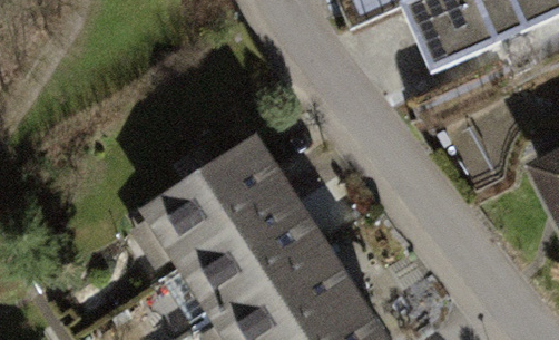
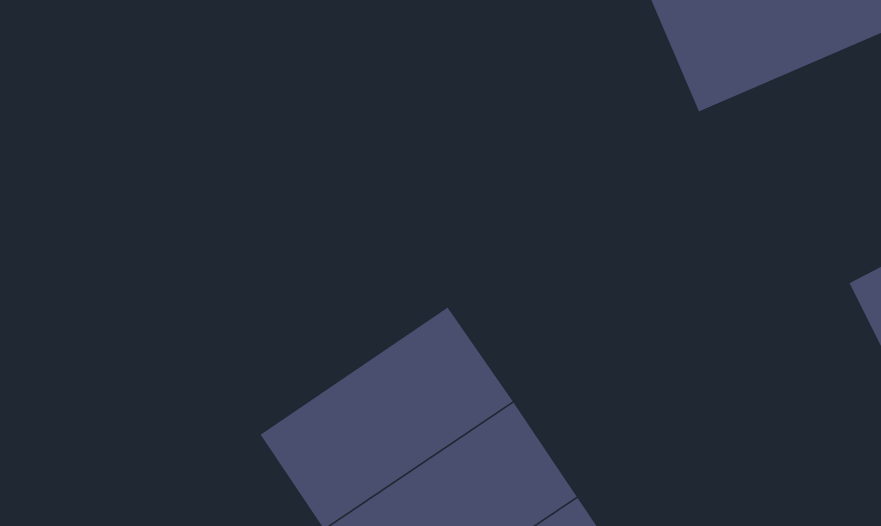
building: [131,135,286,271] -> none

